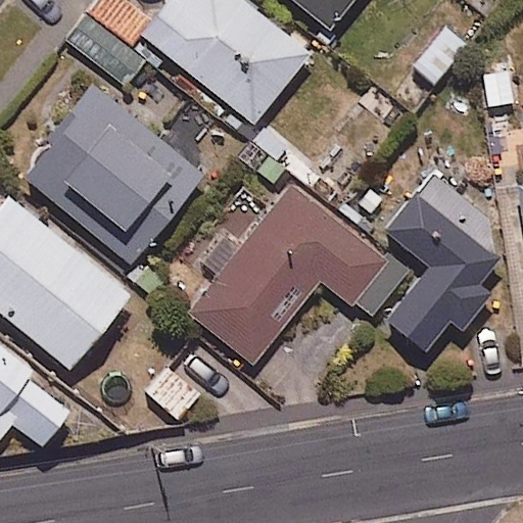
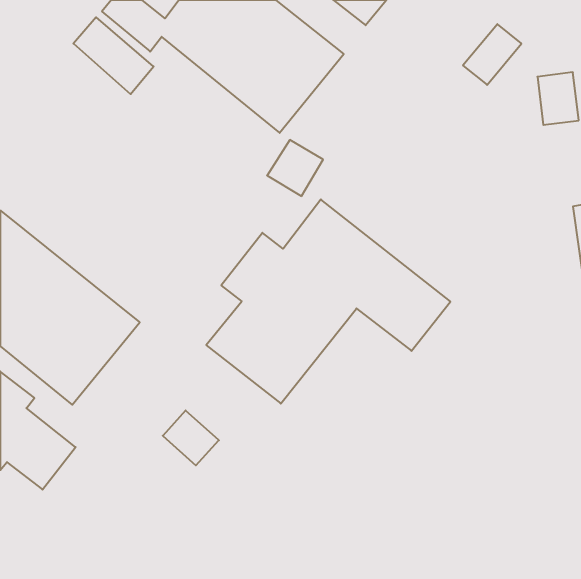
building: [19,83,203,264] -> none
building: [383,170,495,352] -> none

